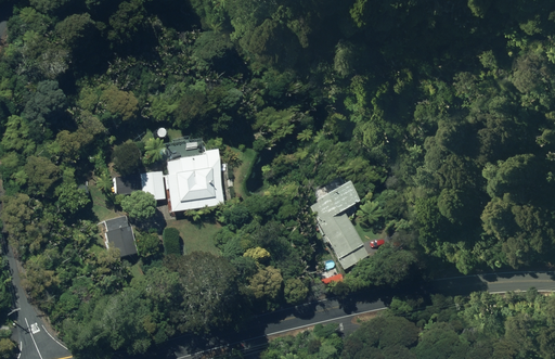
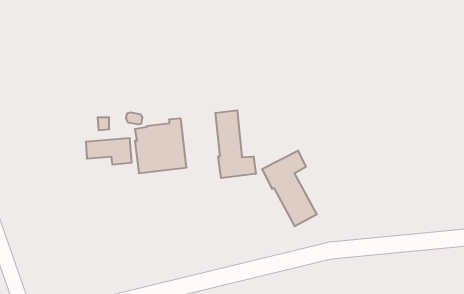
building: none -> [216,110,256,178]
building: [103,214,138,258] -> none

